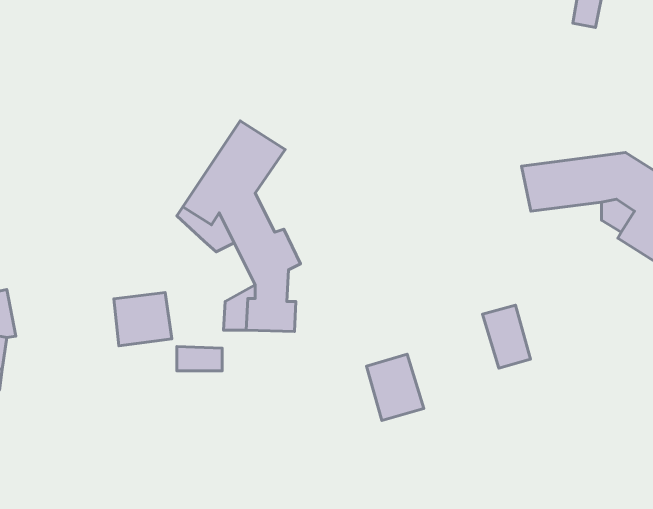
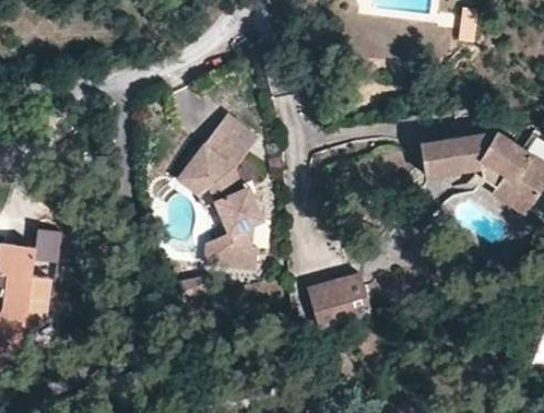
building: [114,293,172,346] -> none
building: [482,305,531,368] -> [340,274,375,320]

